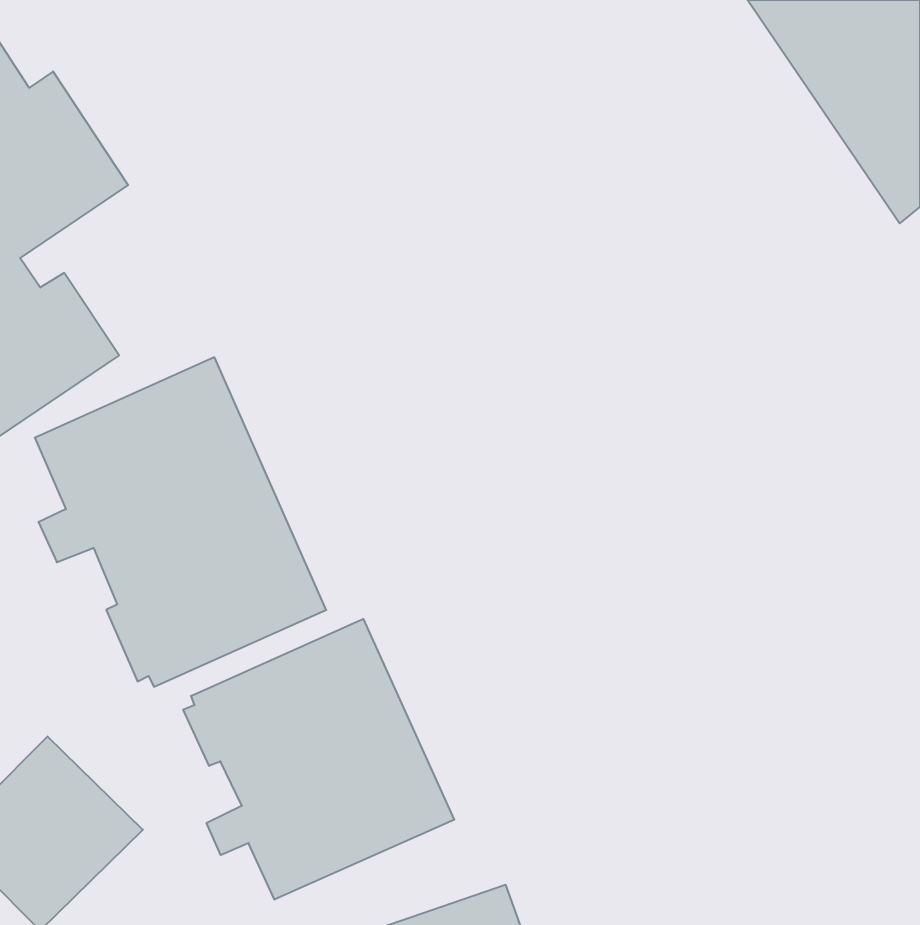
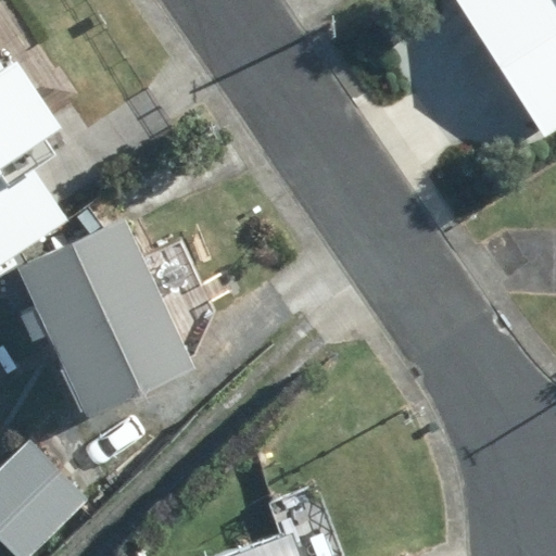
building: [183,619,454,900] -> none

